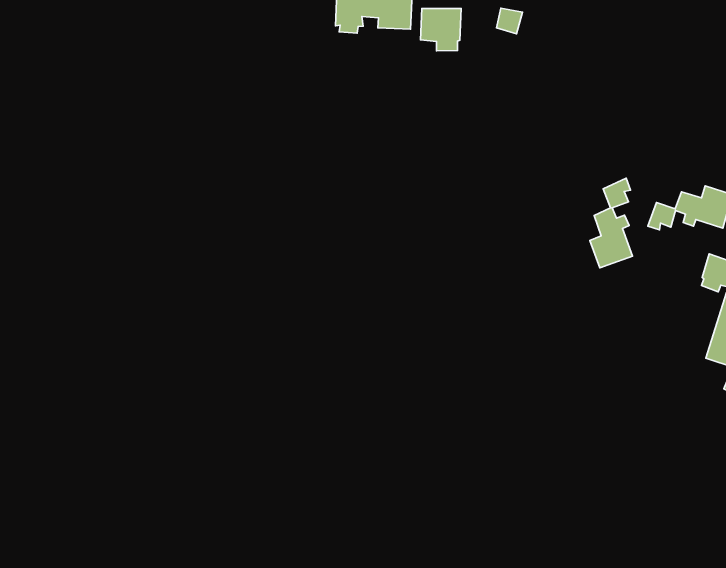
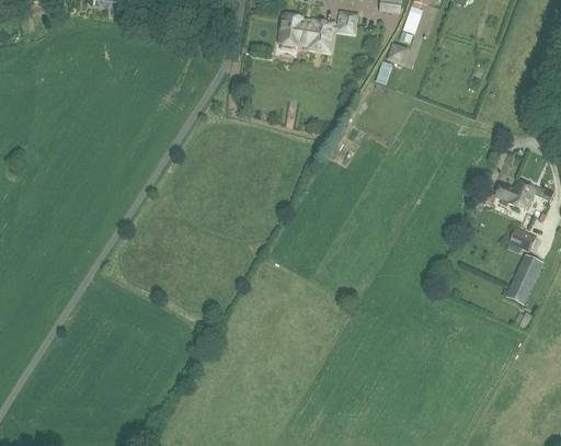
building: [421,8,461,51] -> none
building: [590,178,633,268] -> none

